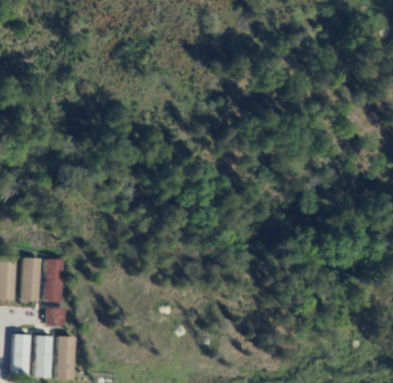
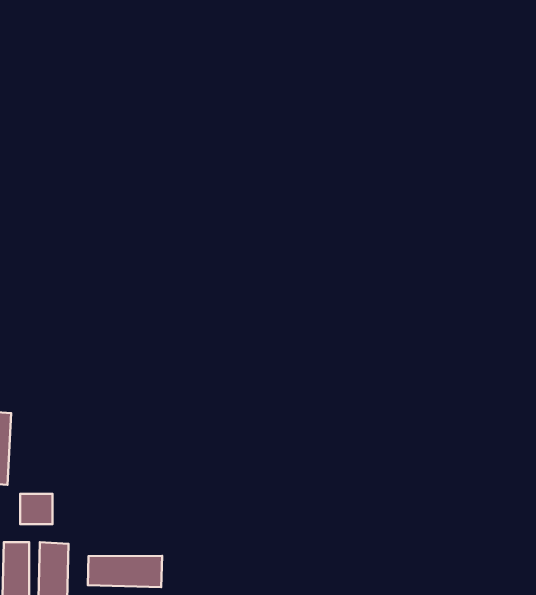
building: [45,259,63,303] -> none
building: none -> [88,556,162,587]

